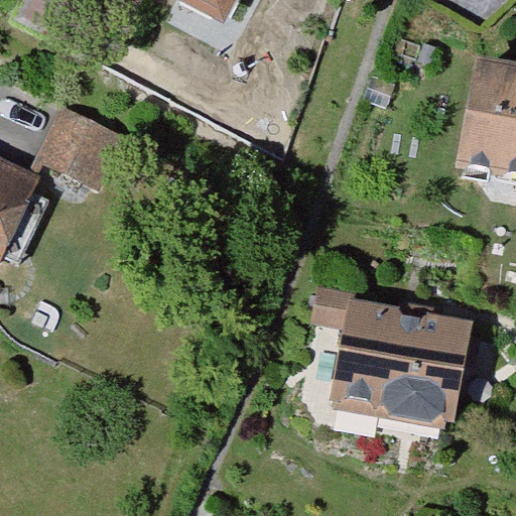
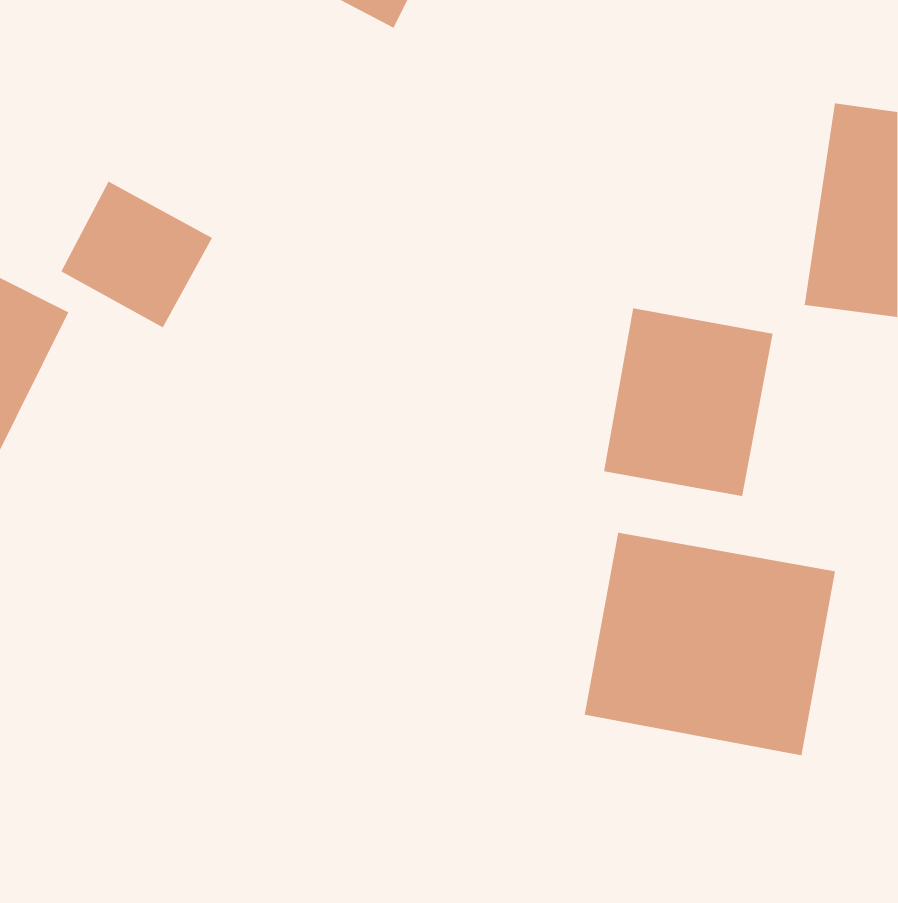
building: none -> [604,308,773,497]

